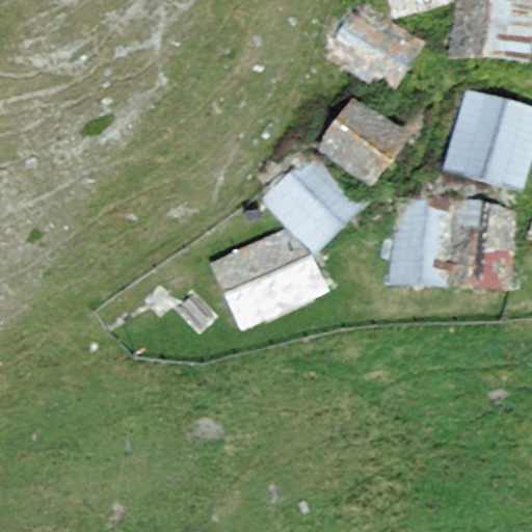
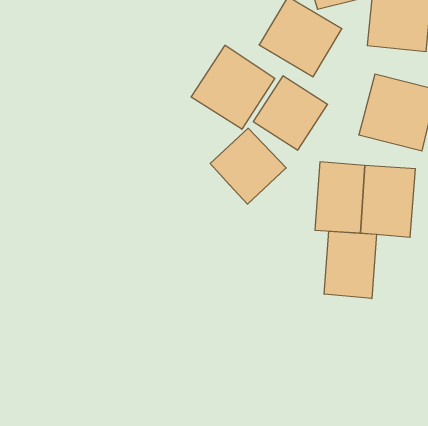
building: none -> [191,45,275,129]
building: [208,228,322,316] -> none
building: none -> [324,231,377,299]

